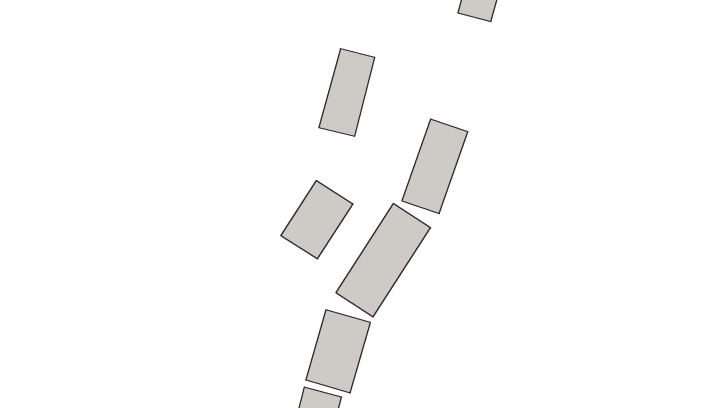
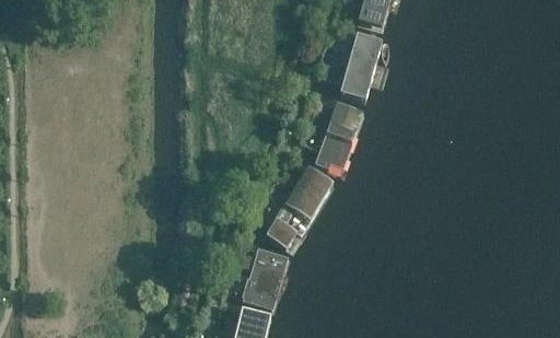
building: [319,49,375,136] -> [339,33,382,100]
building: [281,181,353,259] -> none

